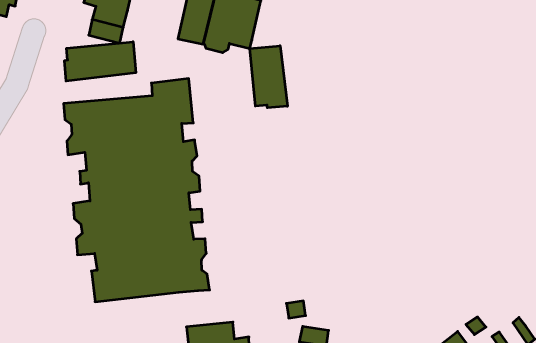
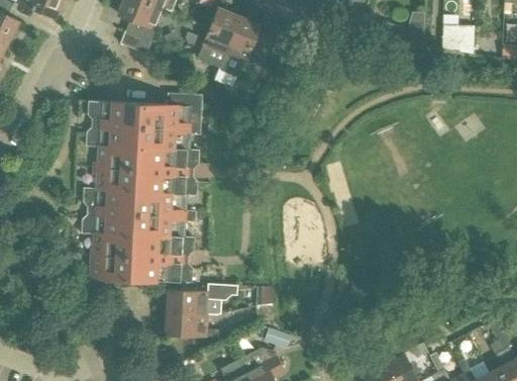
building: [65,42,136,81] -> none
building: [250,46,287,108] -> none
building: none -> [164,281,236,314]

